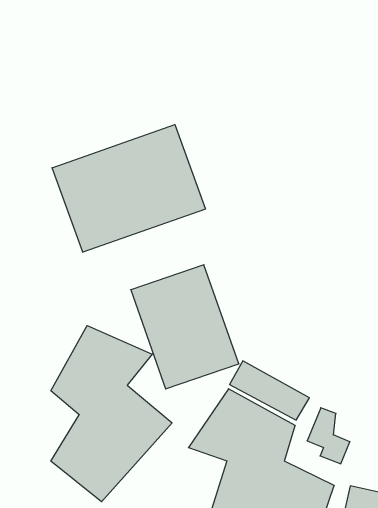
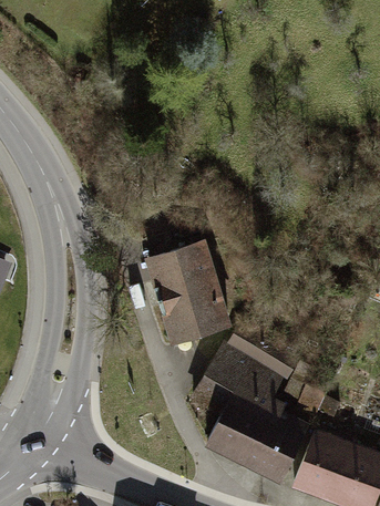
building: [52,125,205,252] -> none
building: [51,326,172,502] -> none

